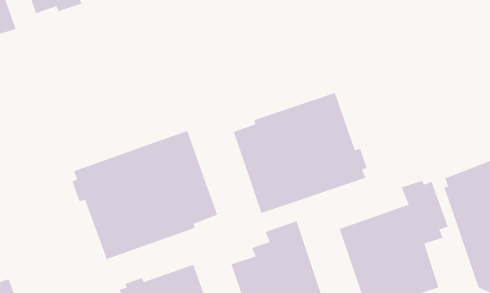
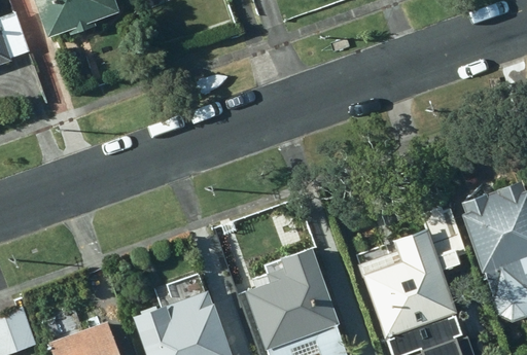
building: [233,92,367,214] -> none
building: [72,130,218,260] -> none

